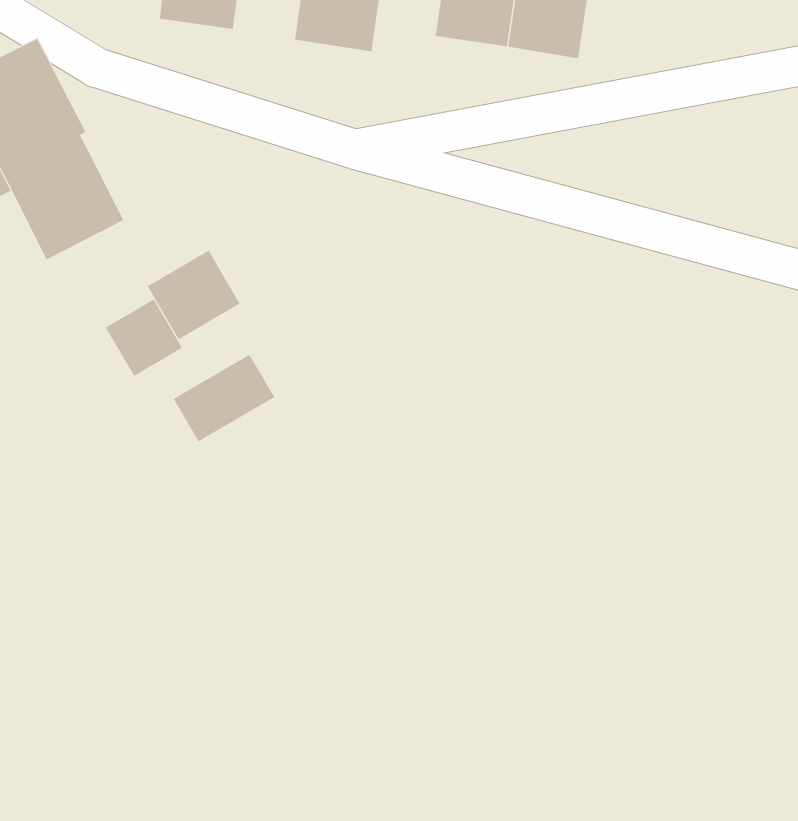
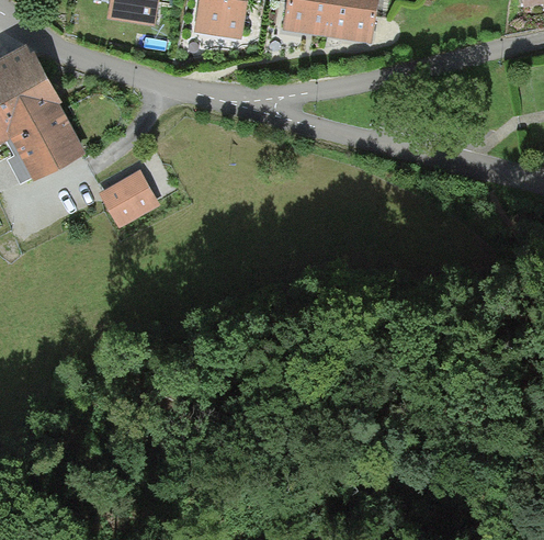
building: [105,298,183,377] -> none
building: [173,354,275,442] -> none

